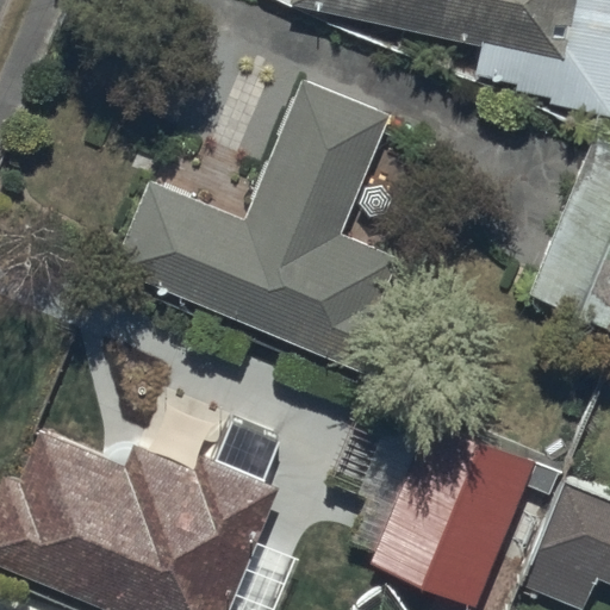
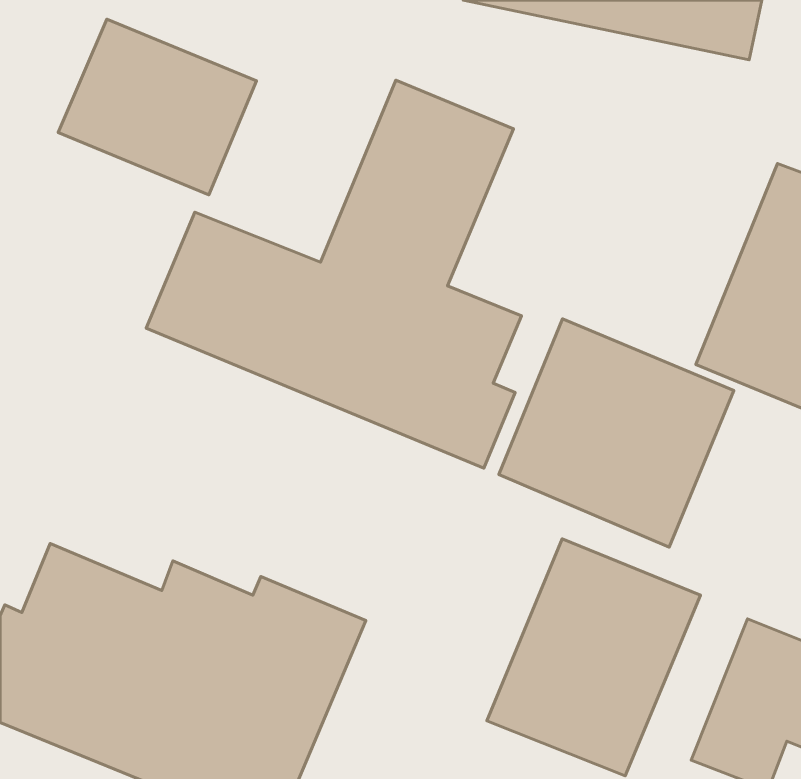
building: none -> [58,19,257,195]
building: none -> [499,319,734,547]

